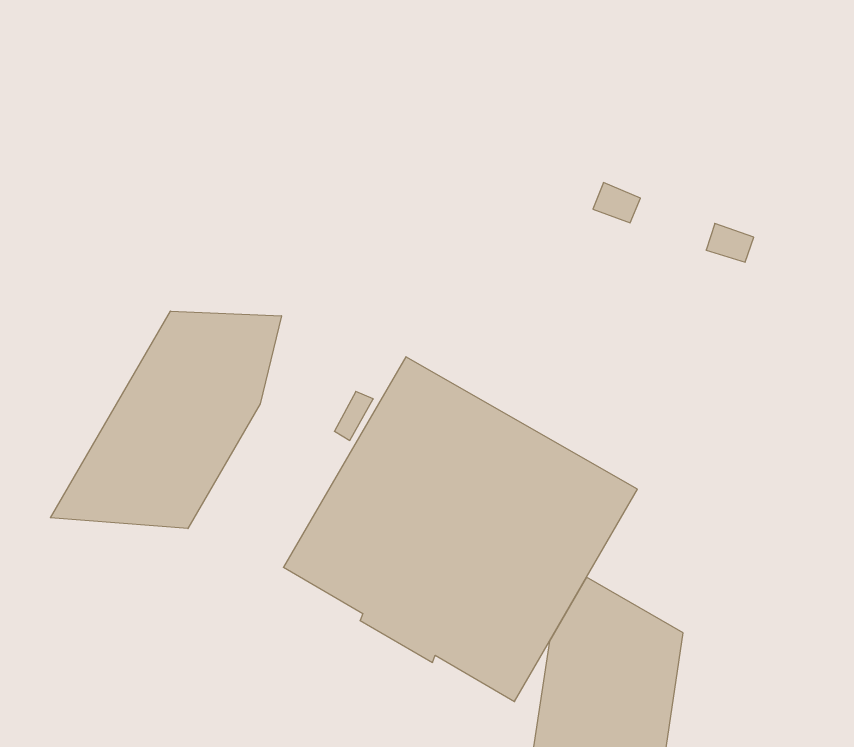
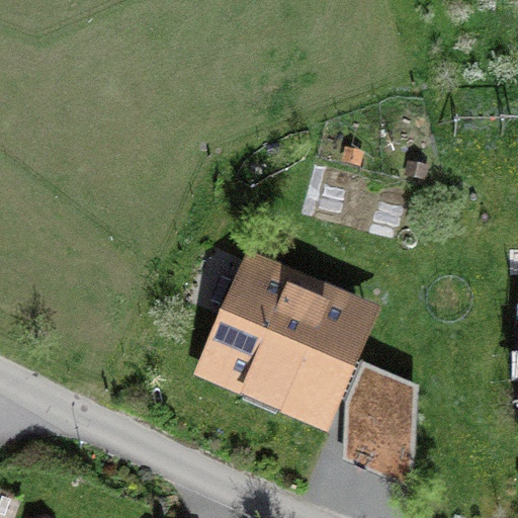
building: [50,311,281,529] -> none

